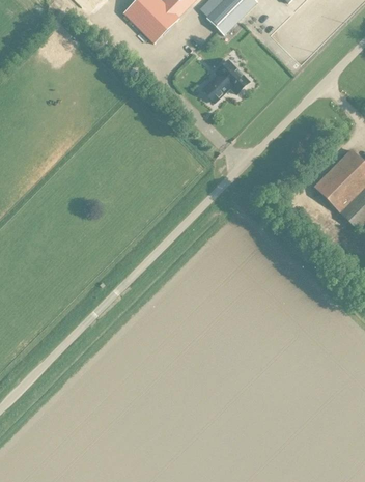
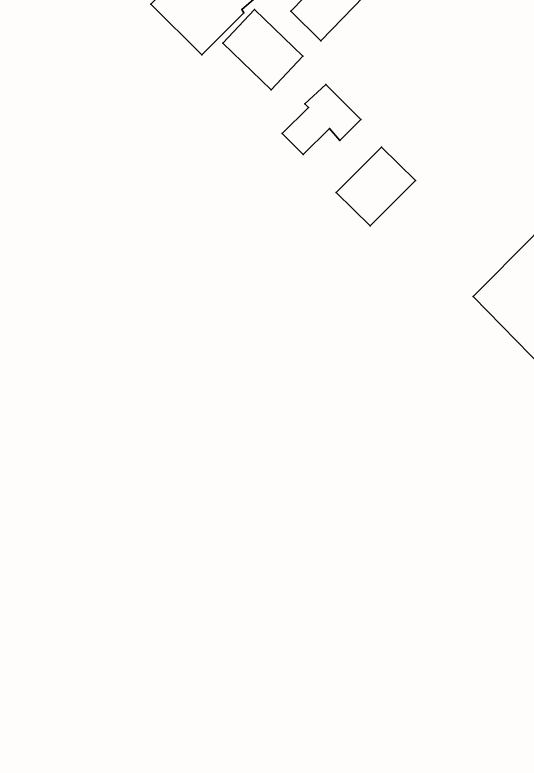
building: none -> [223,9,303,90]
building: none -> [336,147,416,226]

